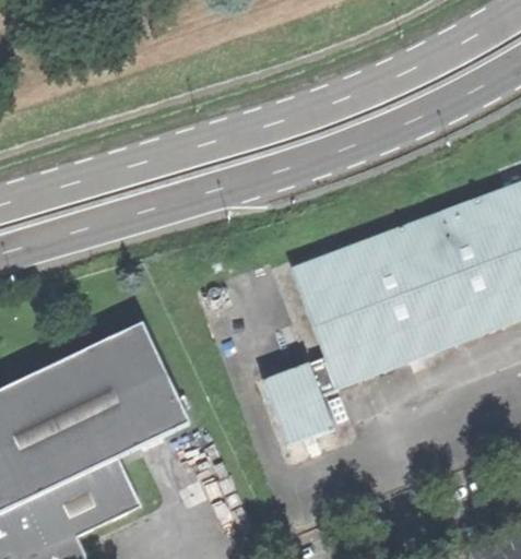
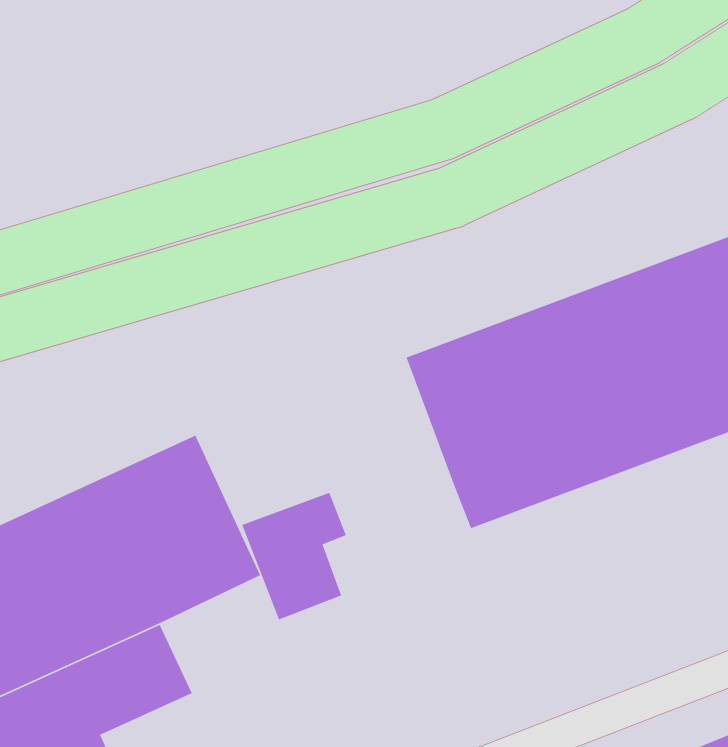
building: [262,358,336,449] -> [241,492,347,621]

